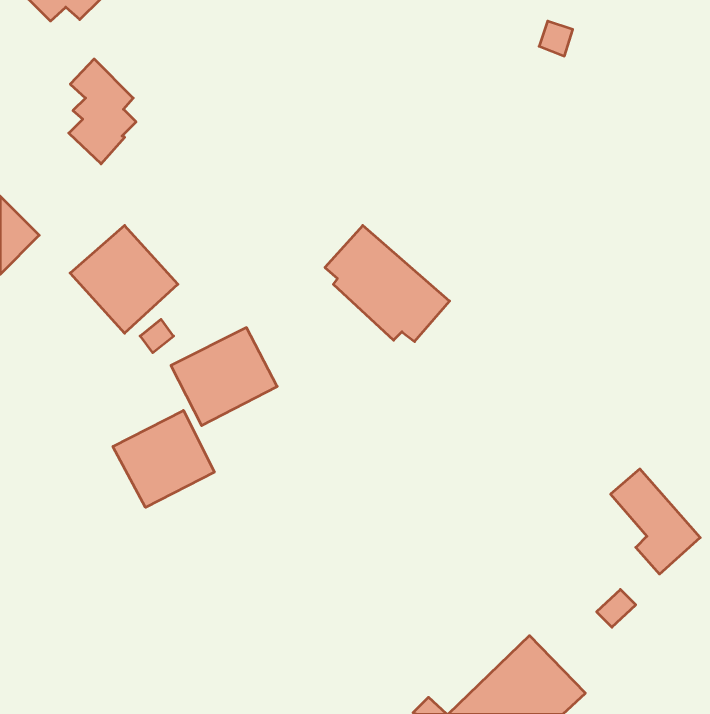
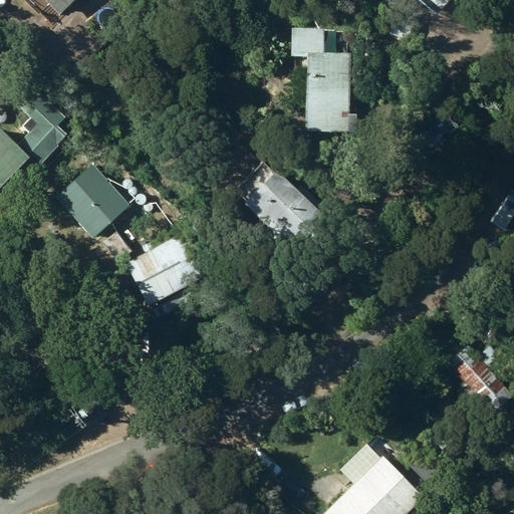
building: none -> [279,27,357,133]
building: [69,59,136,164] -> [21,95,69,171]
building: [113,410,214,507] -> none

